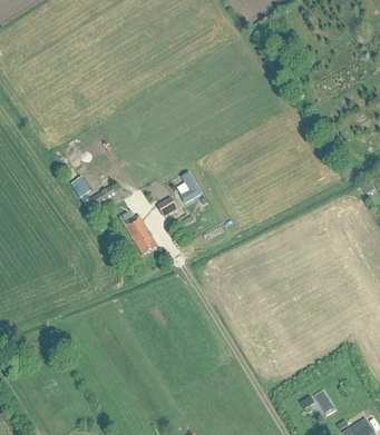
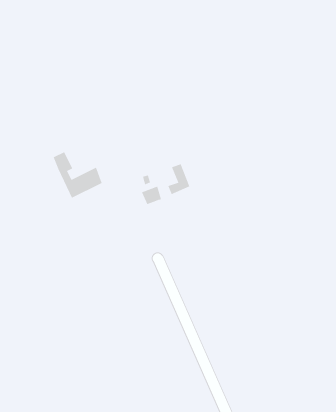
building: [124,214,156,253] -> none

